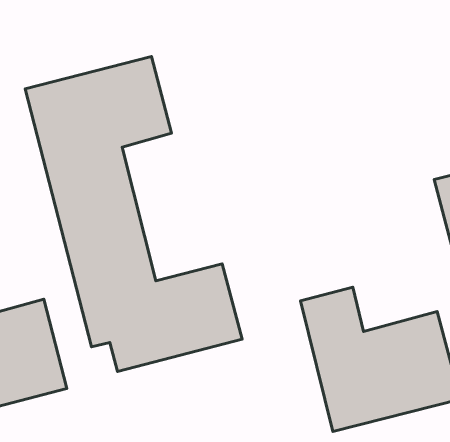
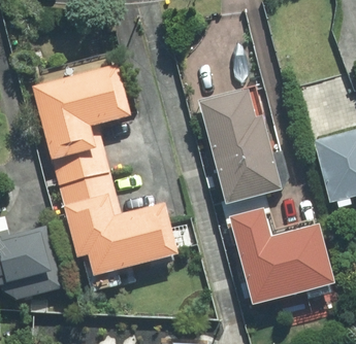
building: none -> [194,92,278,214]

